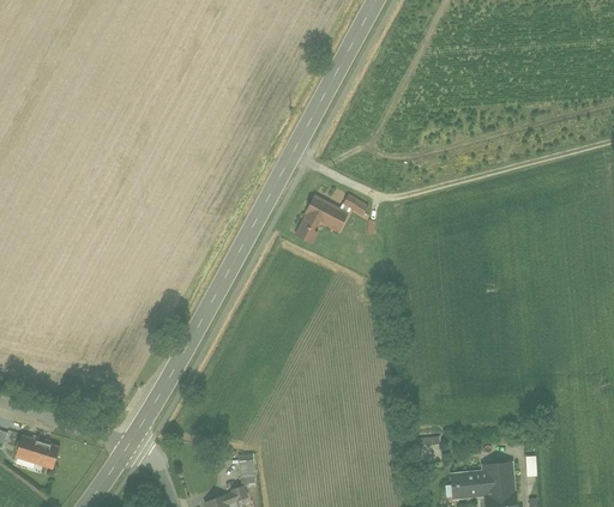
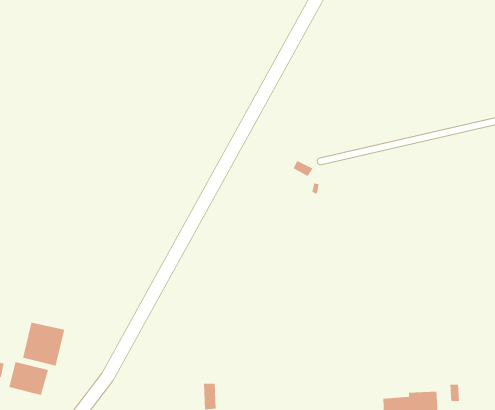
building: [296,197,348,243] -> none
building: none -> [23,322,65,366]

